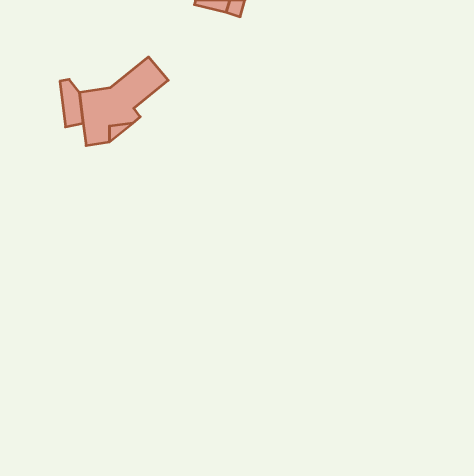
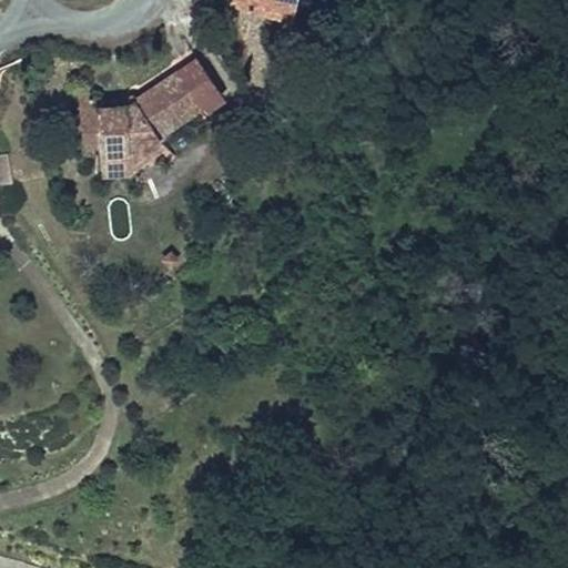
building: none -> [181,55,226,102]

